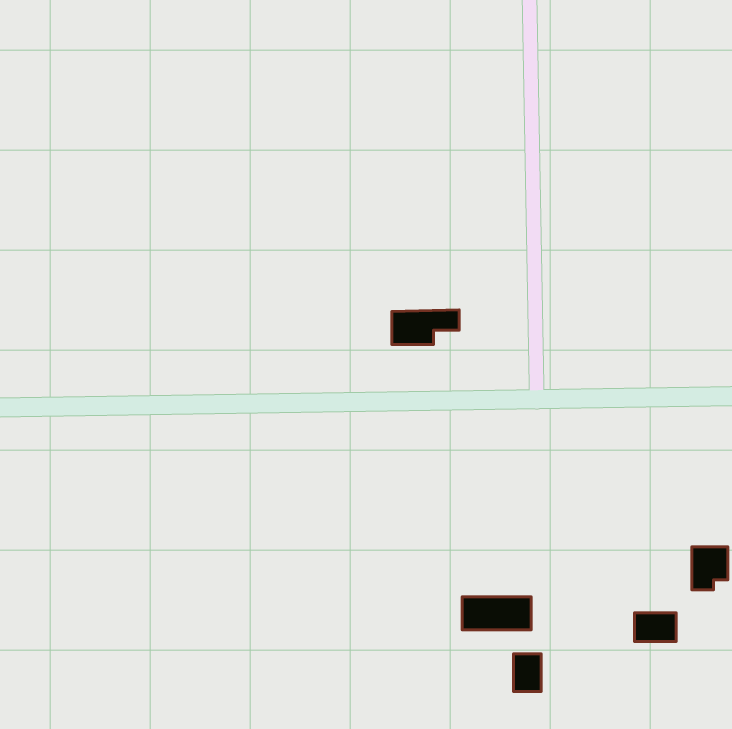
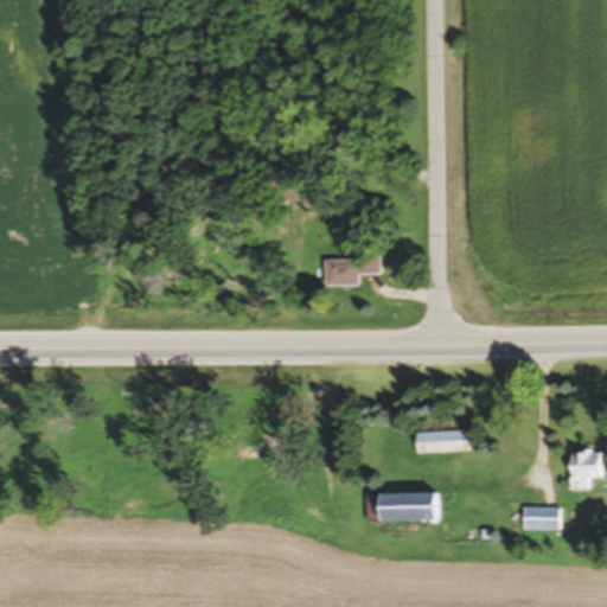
building: none -> [415,430,468,451]
building: [514,654,541,691] -> none

